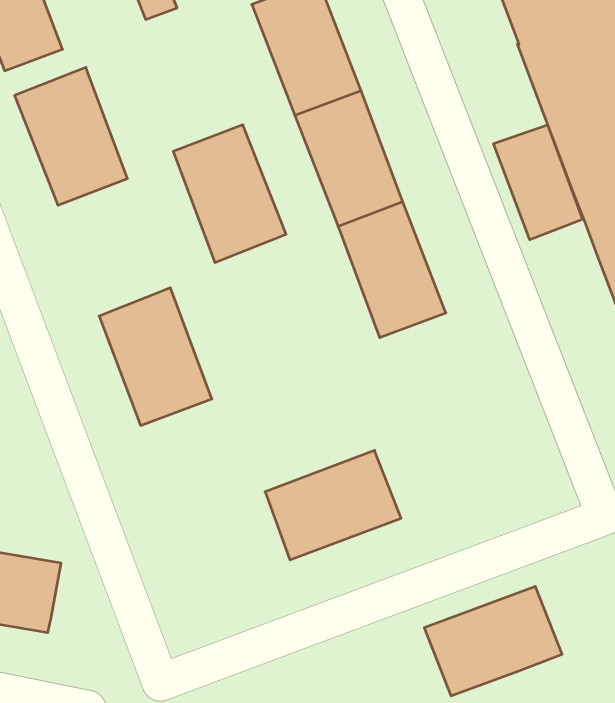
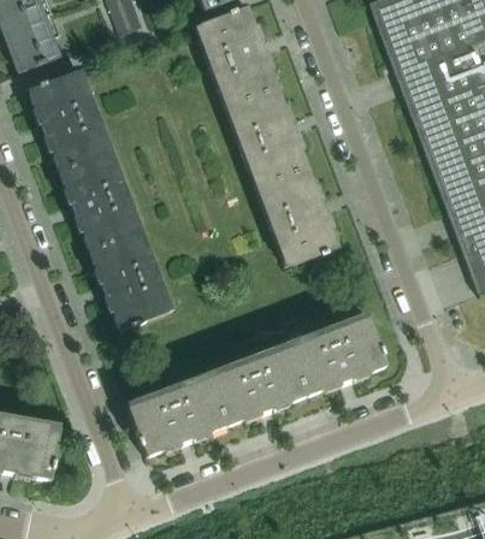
building: [494,125,582,240] -> none
building: [173,125,286,262] -> [57,148,138,248]
building: none -> [126,375,225,455]
building: [424,586,562,696] -> [286,315,386,395]

